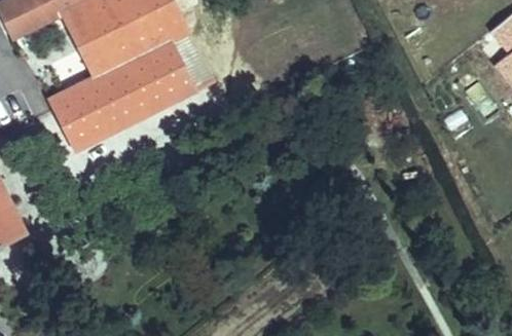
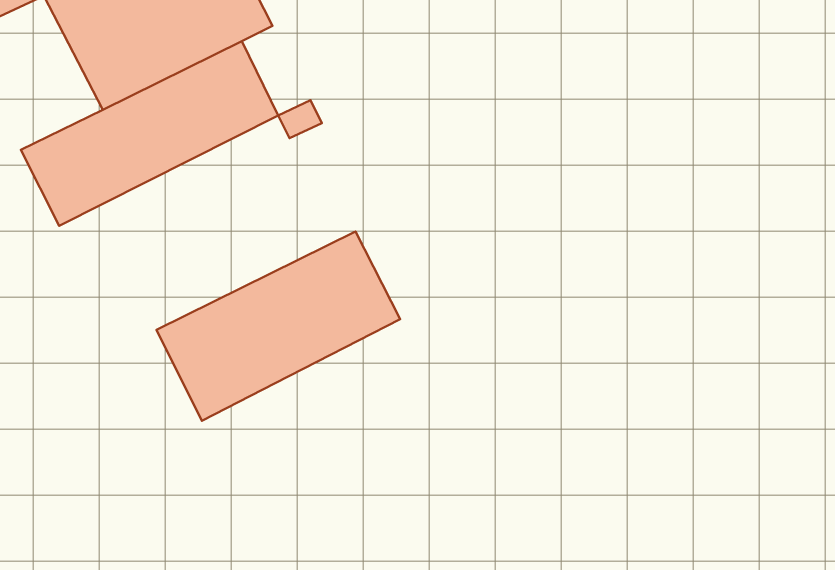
building: none -> [157,231,400,421]

